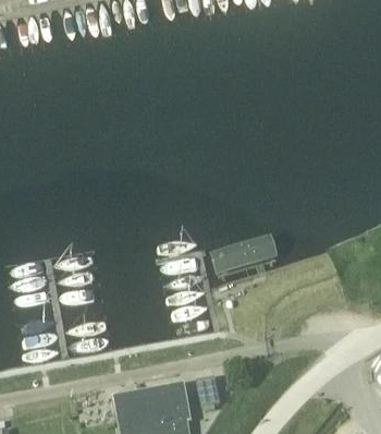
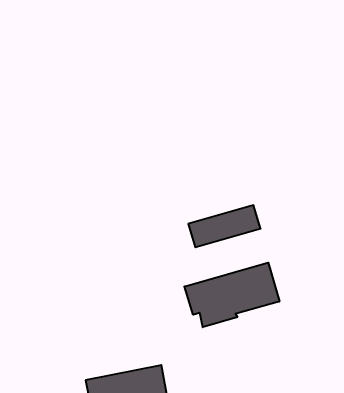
building: none -> [184,263,279,327]

